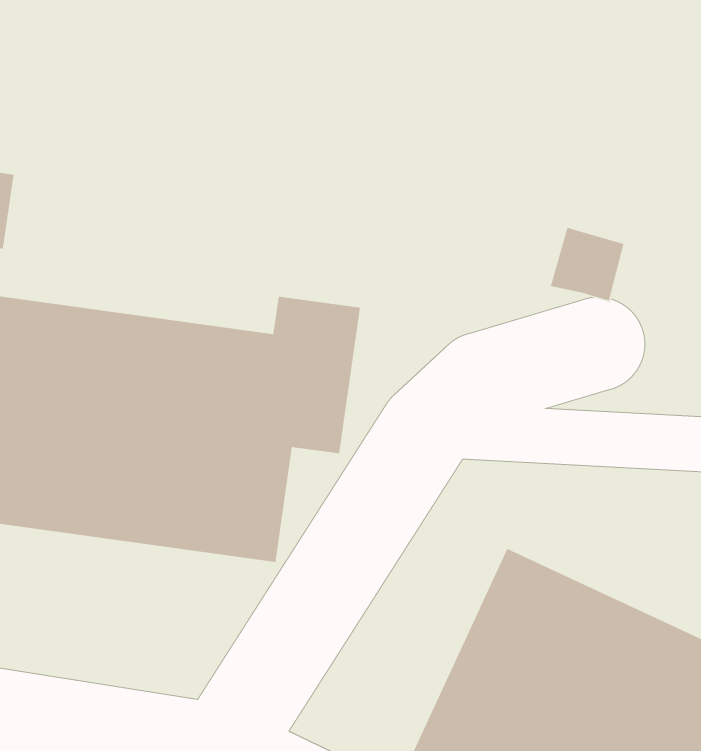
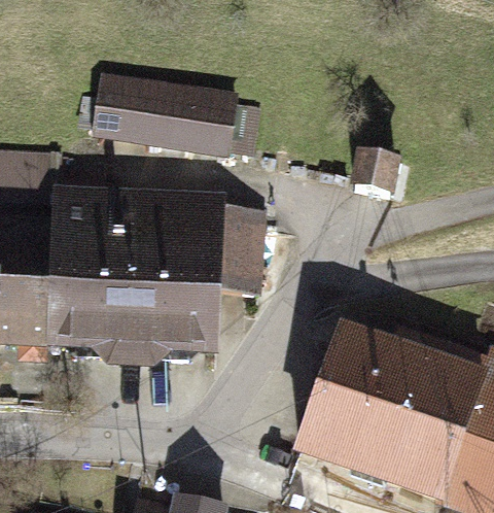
building: none -> [93,73,245,160]

